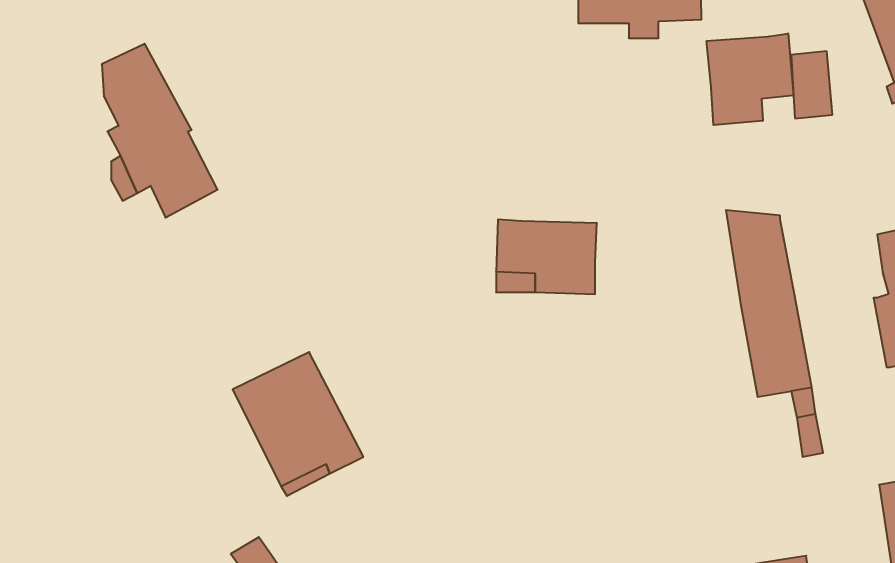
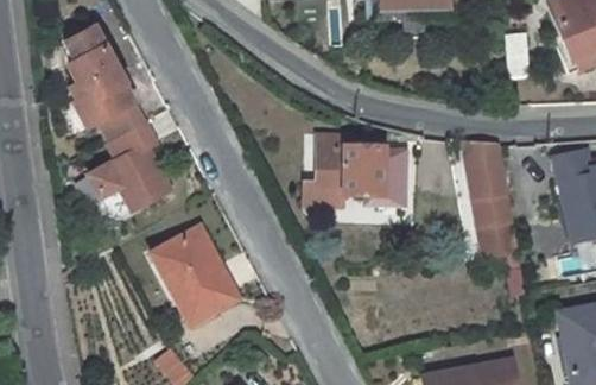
building: [707,33,794,125] -> none
building: none -> [89,122,166,214]
building: none -> [381,145,411,206]

